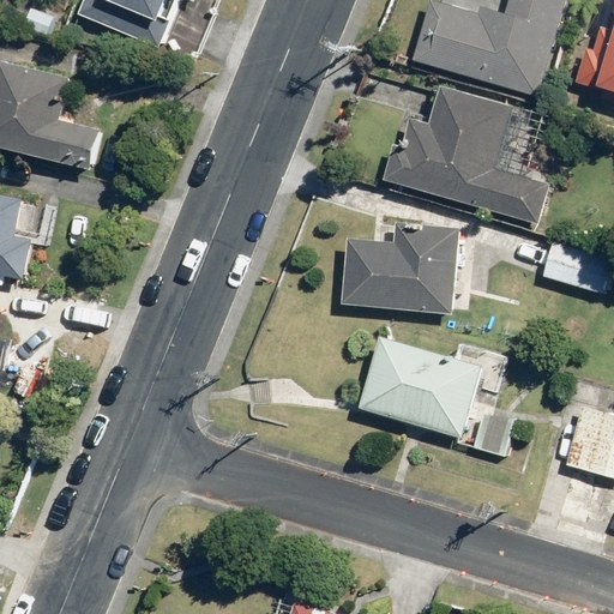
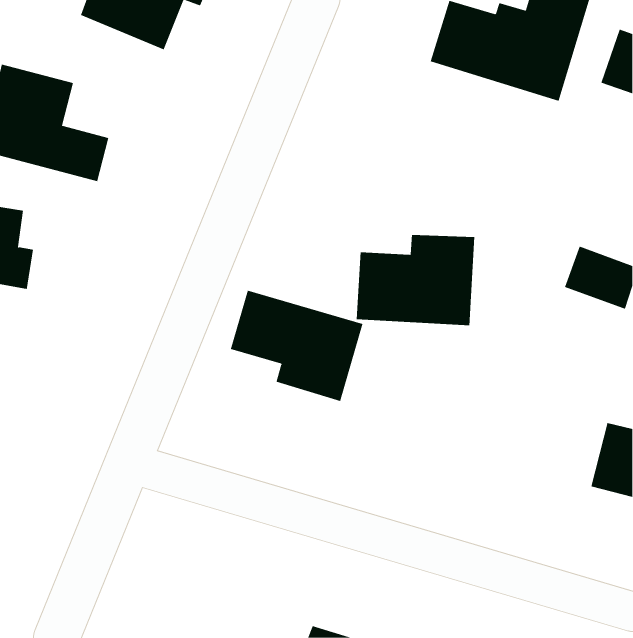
building: [383,84,549,224] -> none
building: none -> [230,290,363,402]
building: [360,336,514,458] -> none

